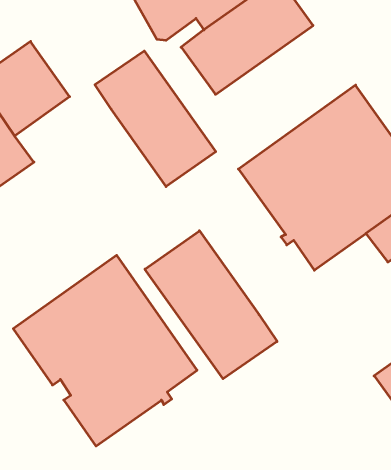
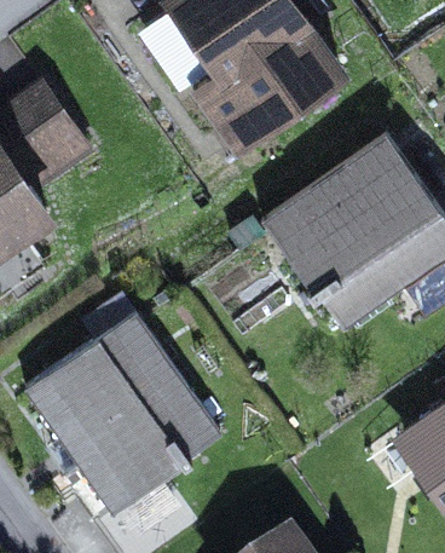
building: [95,51,216,187] -> none
building: [145,231,277,379] -> none

